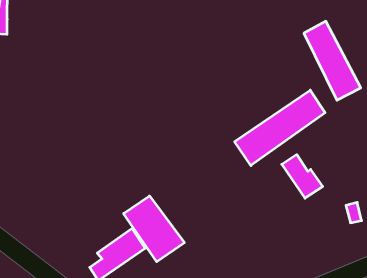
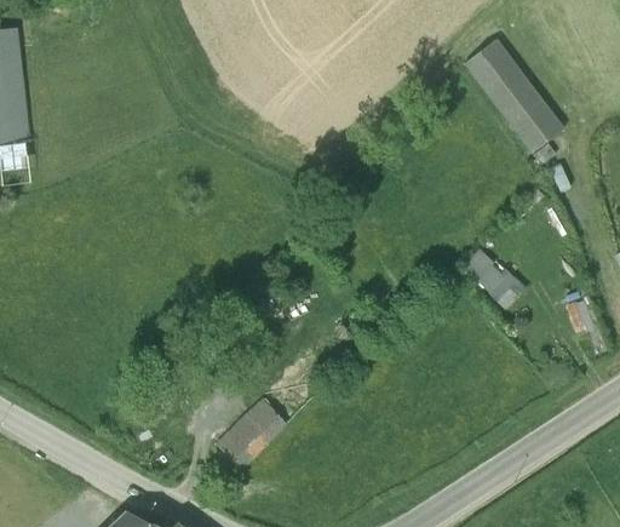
building: [235,90,325,166] -> none
building: [124,196,184,262] -> none

